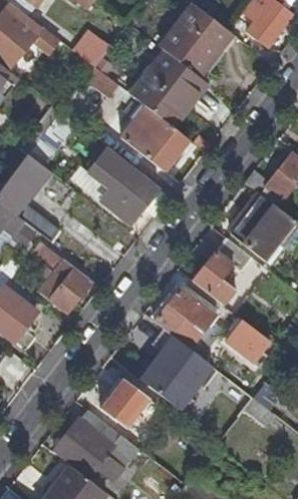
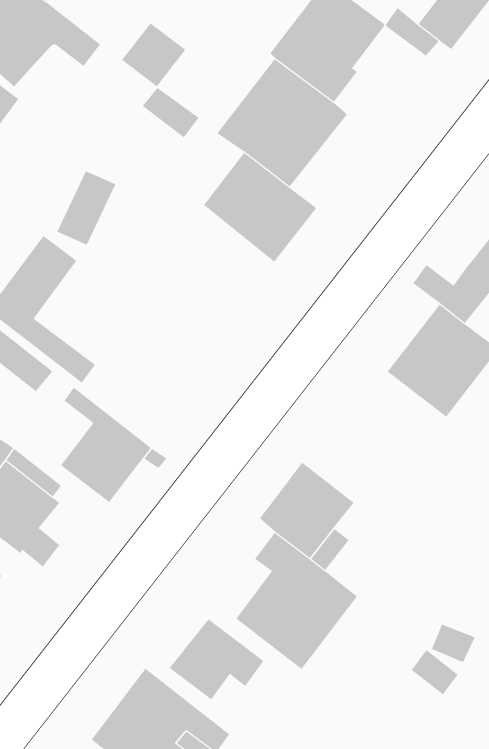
building: [92,149,158,222] -> none
building: [193,238,251,305] -> none
building: [227,320,269,361] -> none

